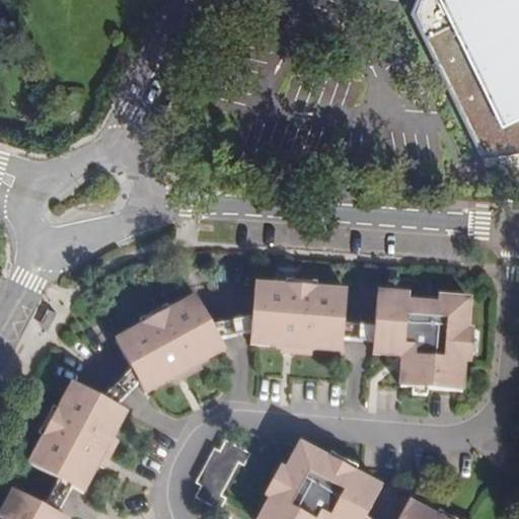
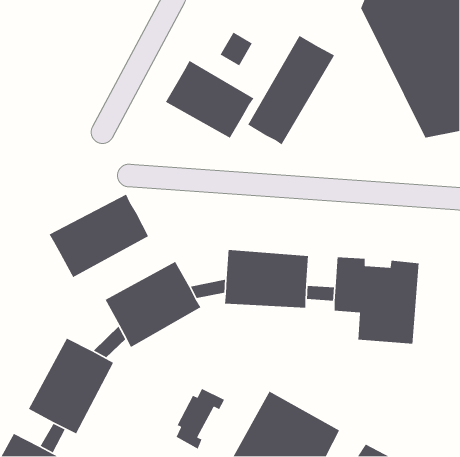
building: none -> [247,35,335,145]
building: none -> [165,60,254,139]
building: none -> [48,193,149,278]

